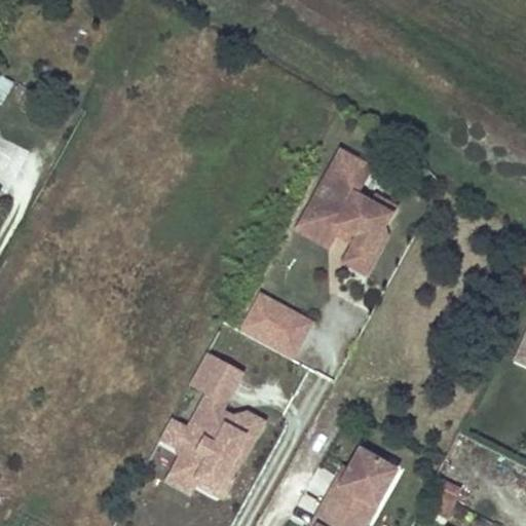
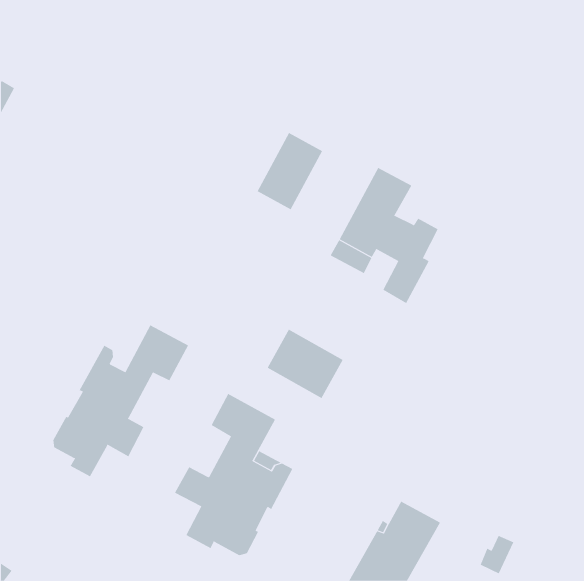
building: none -> [257,132,323,210]
building: none -> [53,325,189,477]

